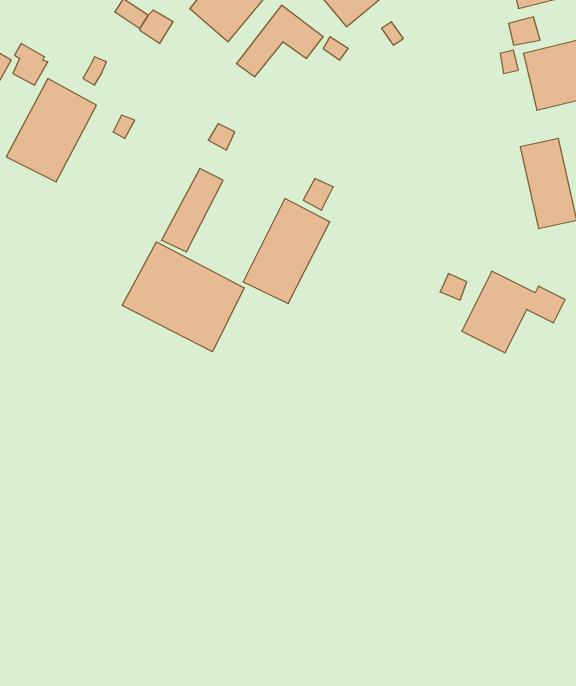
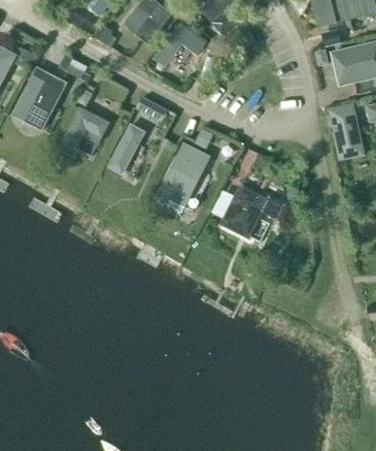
building: none -> [62,105,109,148]
building: [122,242,244,352] -> none
building: [462,271,565,353] -> [221,186,285,236]

